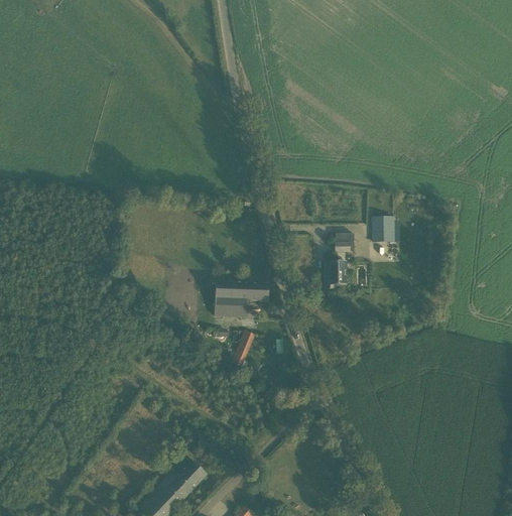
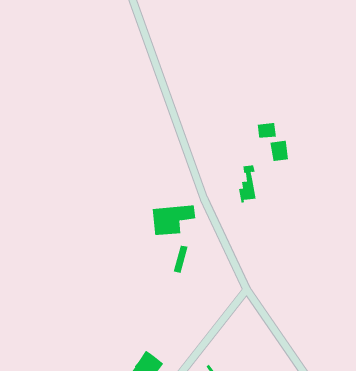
building: none -> [257,122,277,139]

